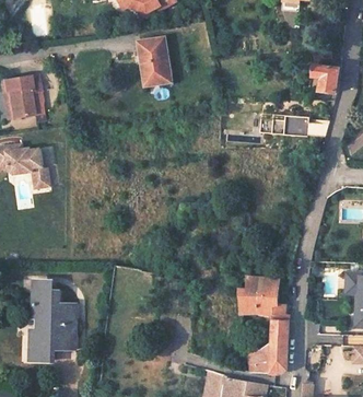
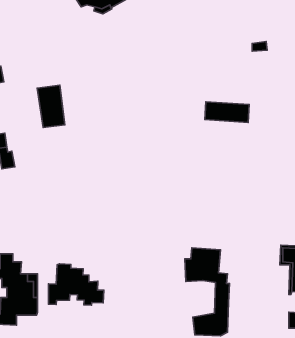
building: [138,37,168,84] -> [37,85,65,128]
building: [312,63,339,92] -> none
building: none -> [49,264,104,305]

